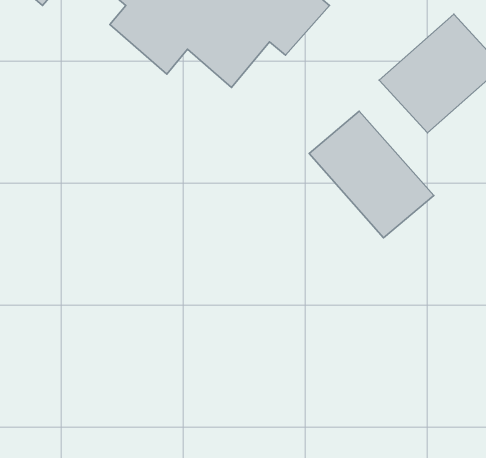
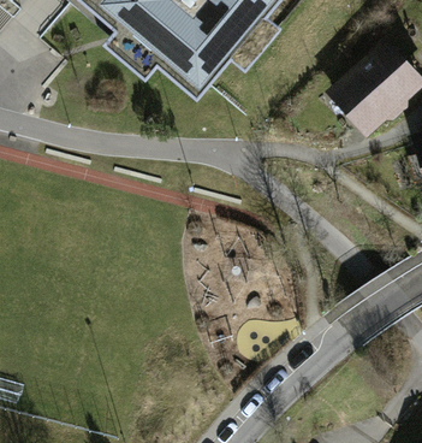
building: [309,111,434,238] -> none

